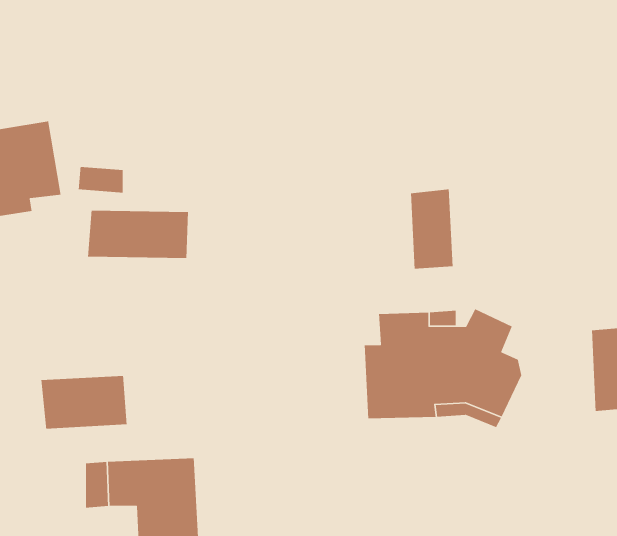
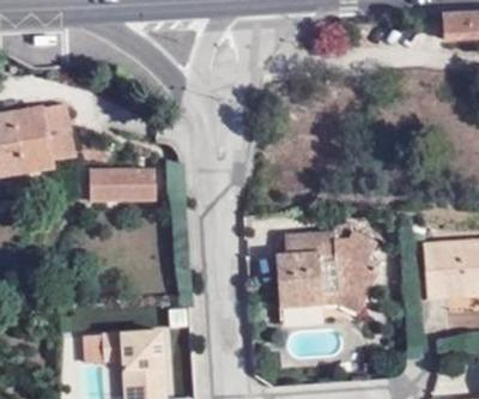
building: [410,189,453,270] -> none
building: [40,375,127,429] -> none

